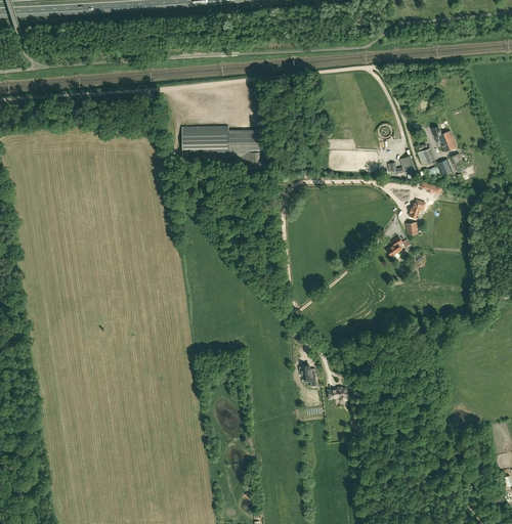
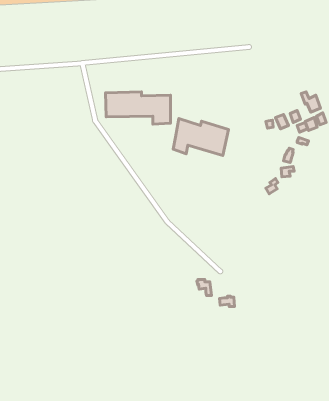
building: none -> [173,119,229,156]

